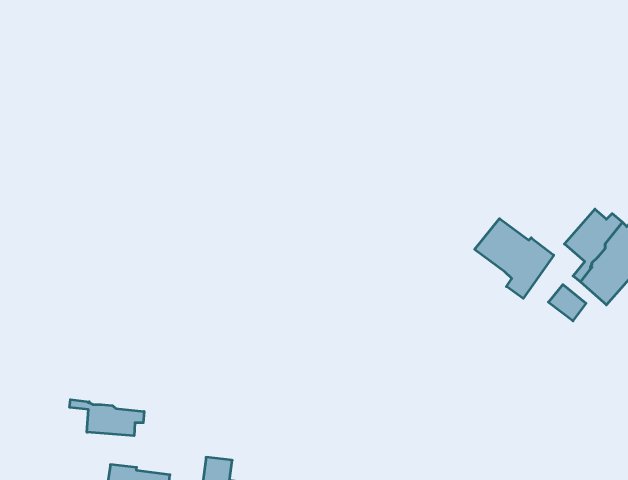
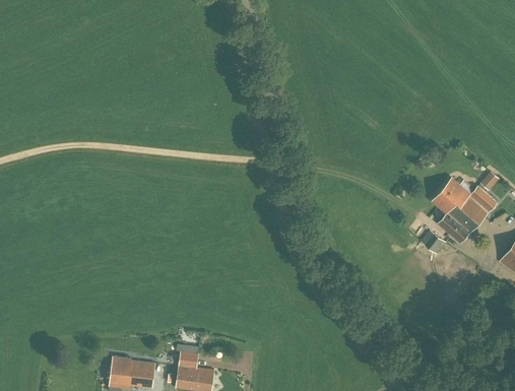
building: [475,219,554,298] -> none
building: [70,400,144,436] -> none

